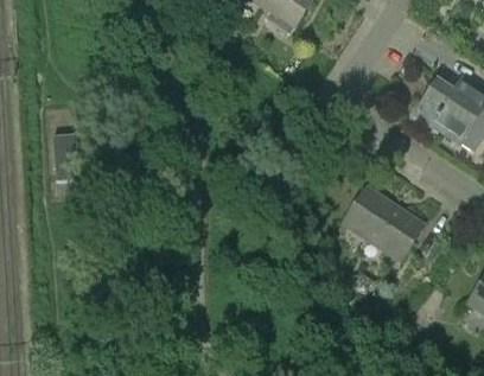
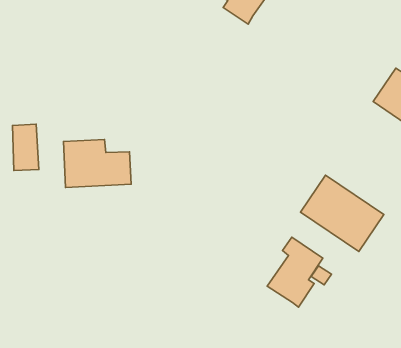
building: none -> [63,140,131,187]
building: none -> [267,237,323,307]

